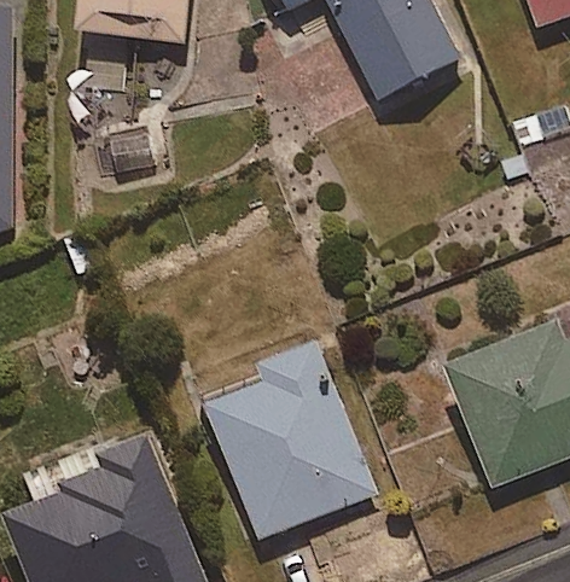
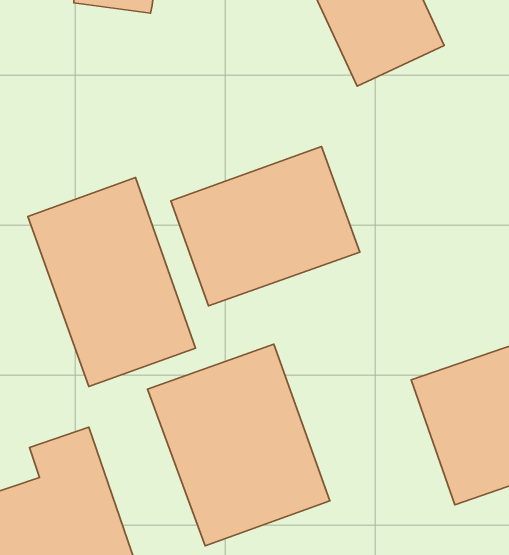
building: none -> [171,147,360,306]
building: none -> [28,177,196,386]

